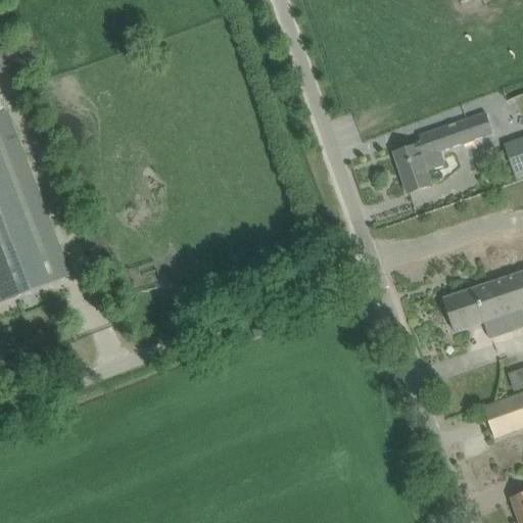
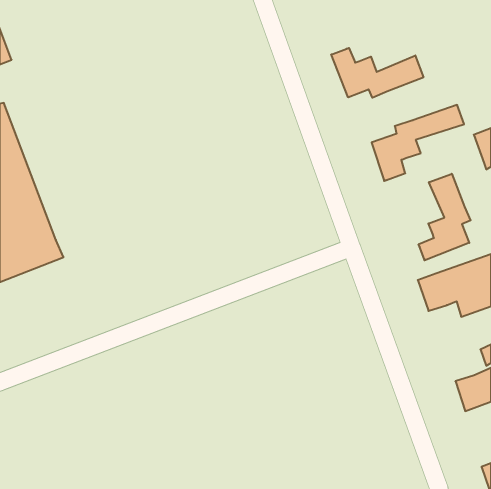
building: none -> [331,48,423,98]
building: none -> [419,174,471,260]

